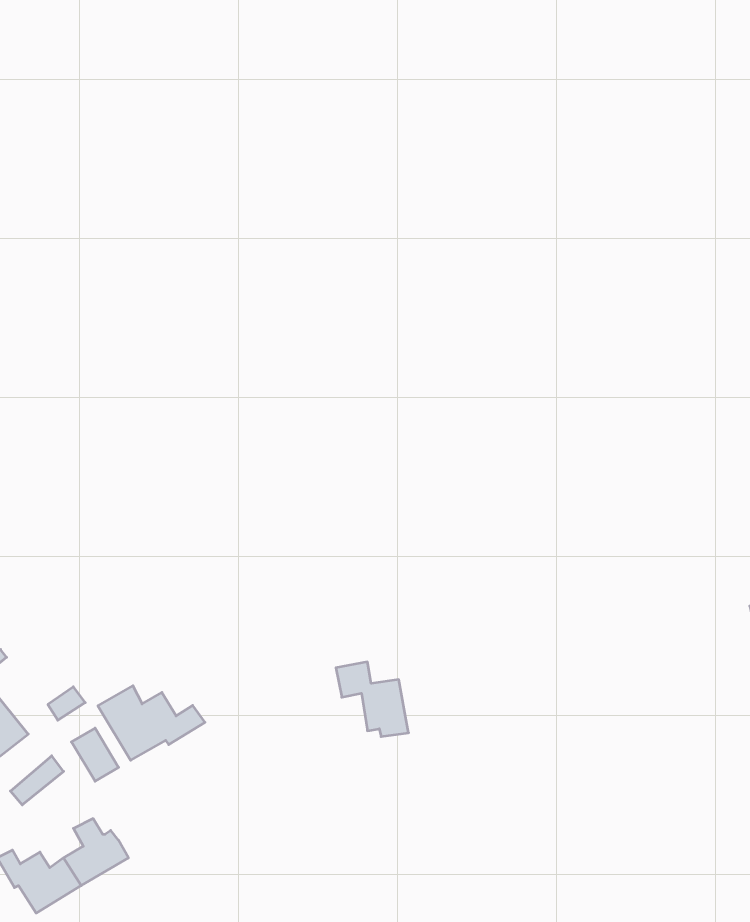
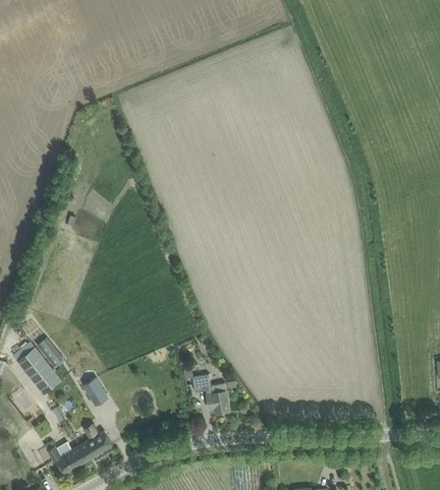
building: [336,662,409,737] -> [192,374,230,413]
building: [98,686,205,760] -> none

